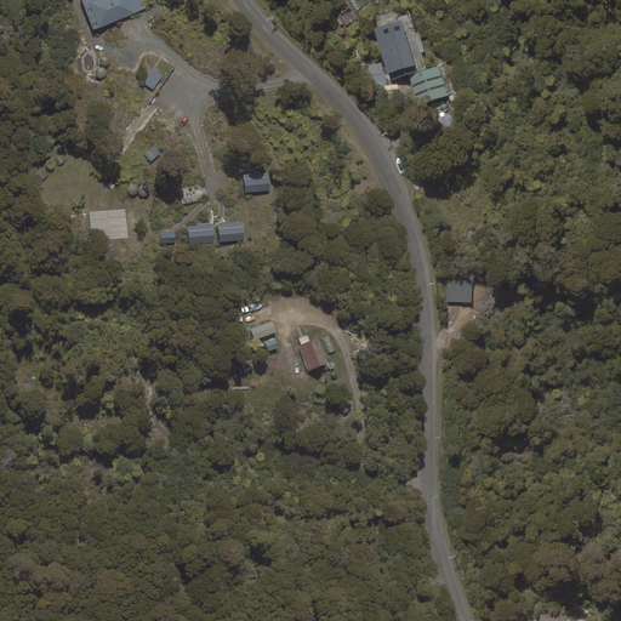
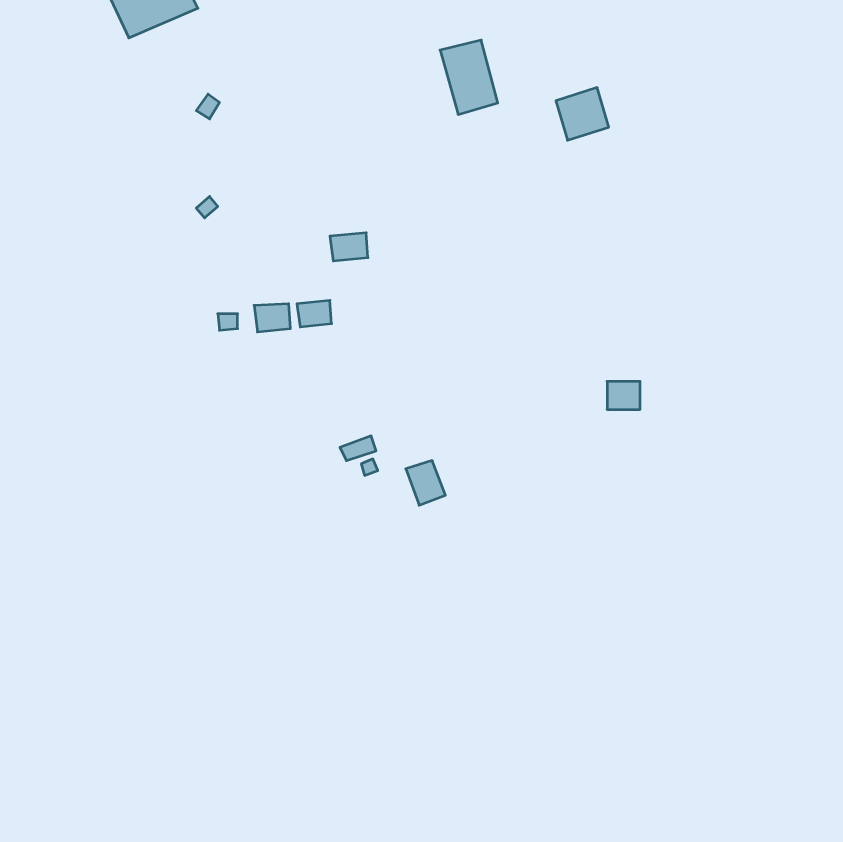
building: [372,18,415,73] -> [440,40,498,114]

